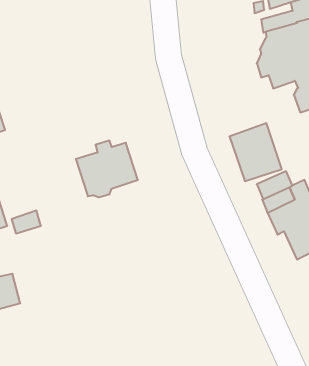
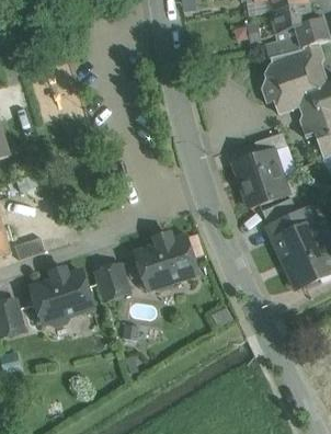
building: [76,141,138,197] -> [135,232,197,289]
building: none -> [94,262,129,299]
building: none -> [31,266,92,324]

